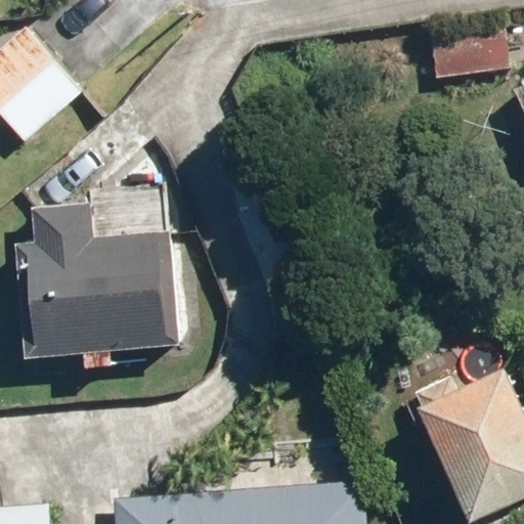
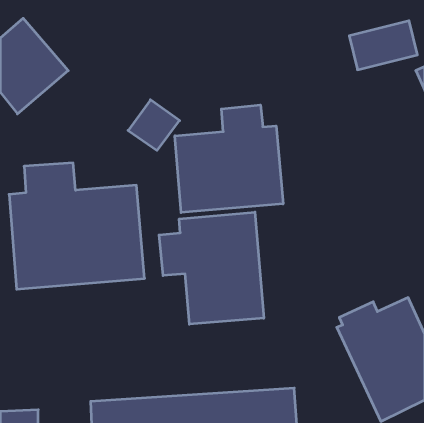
building: none -> [175,105,283,213]
building: none -> [159,212,264,324]

